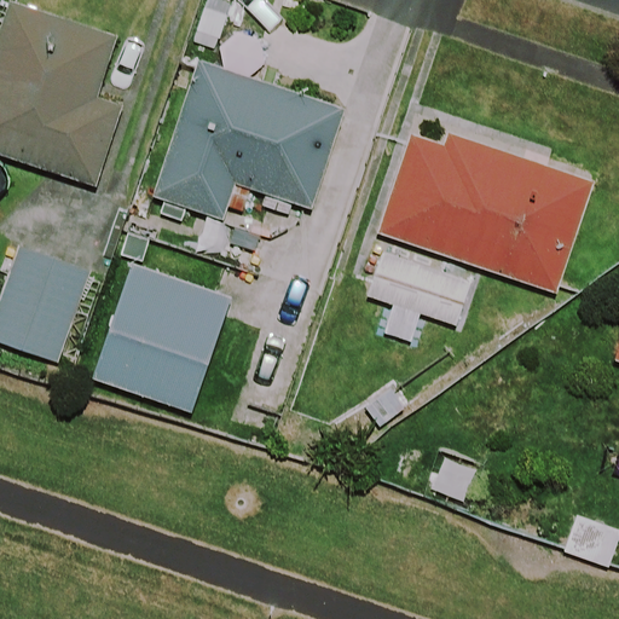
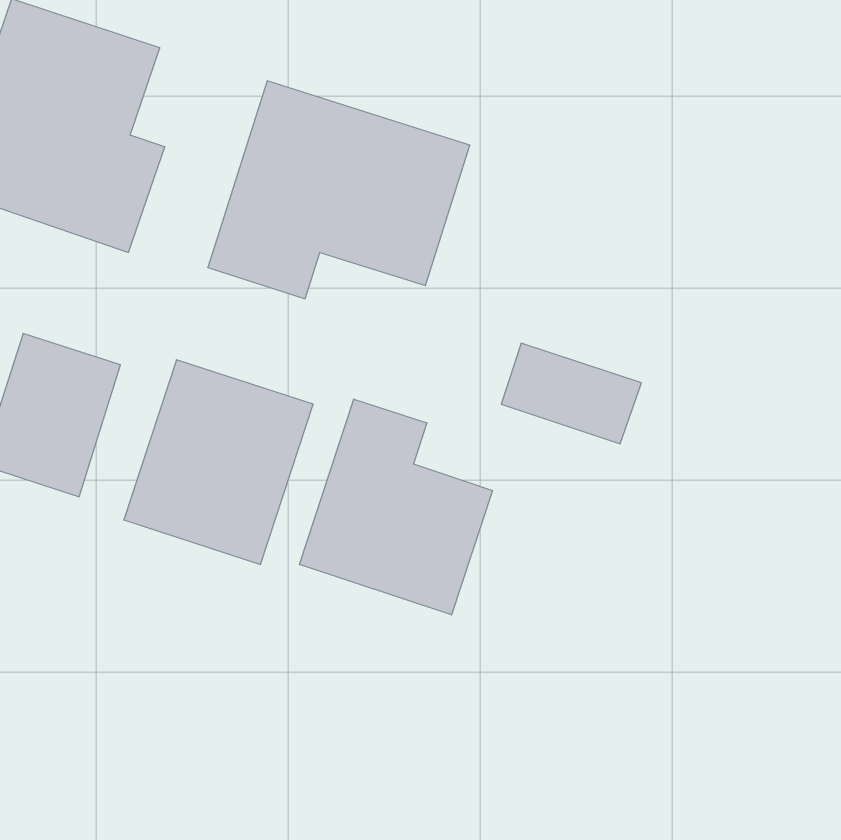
building: [376,131,594,293] -> none
building: none -> [299,399,492,615]

